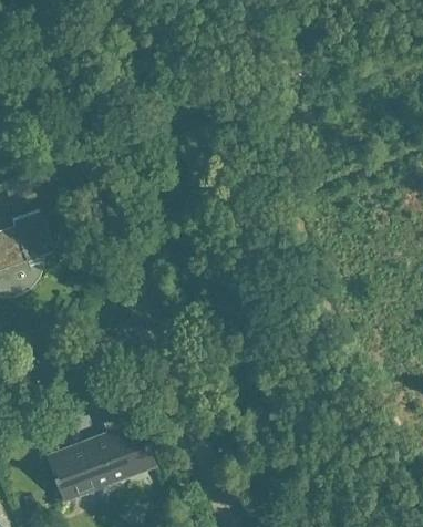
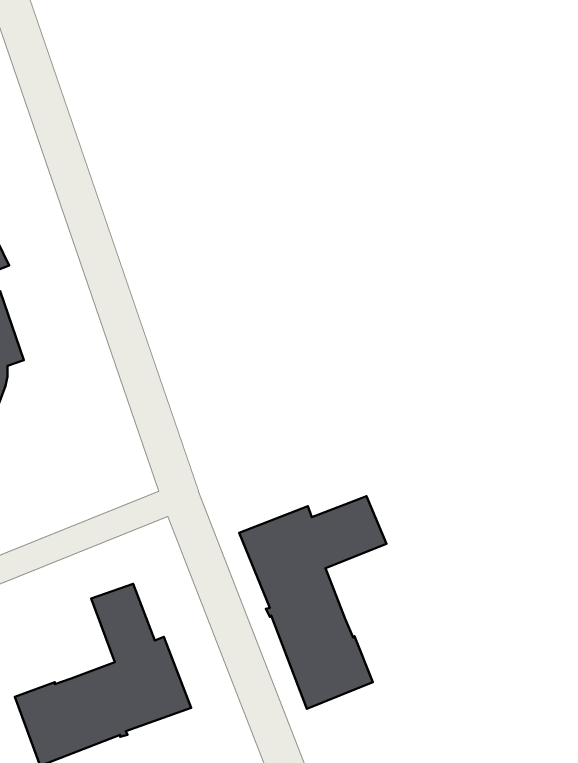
building: none -> [239,496,386,709]

